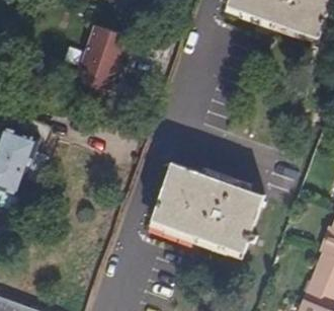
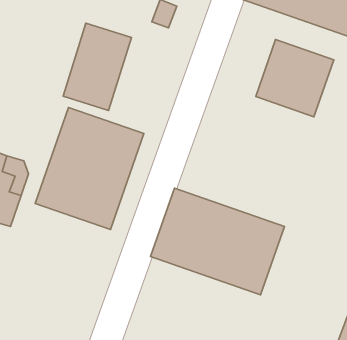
building: none -> [256,39,334,117]
building: none -> [35,107,144,230]

